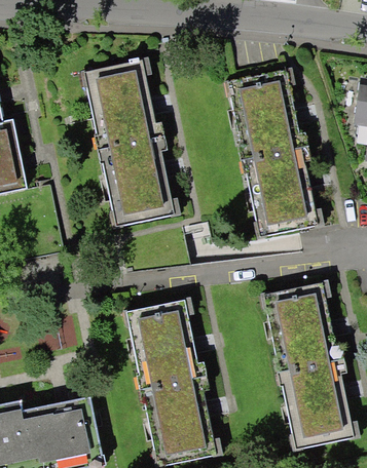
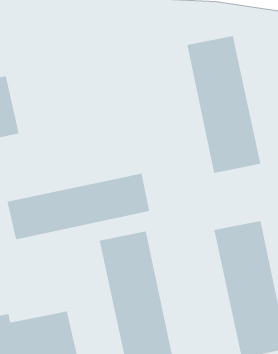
building: [85,60,174,223] -> none
building: none -> [7,173,150,240]

